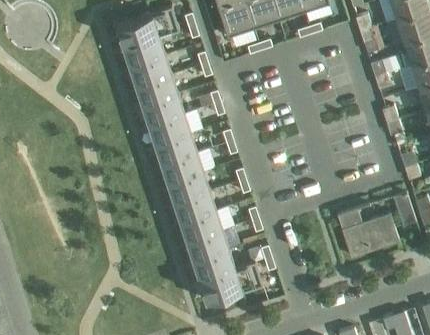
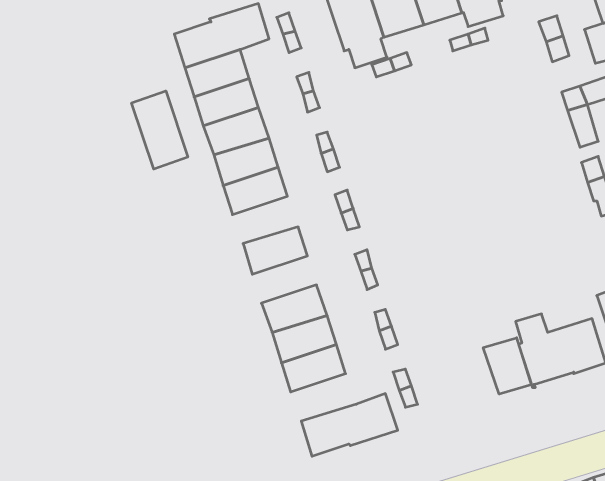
building: none -> [132,91,188,169]
building: [154,132,197,163] -> none
building: [167,171,209,202] -> none
building: none -> [483,338,531,394]
building: [192,248,235,279] -> none

